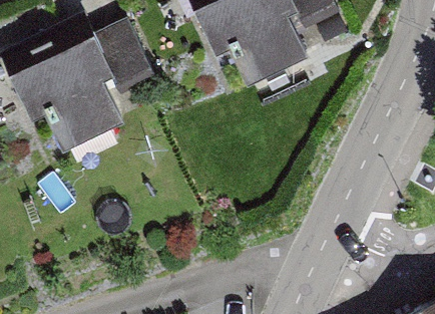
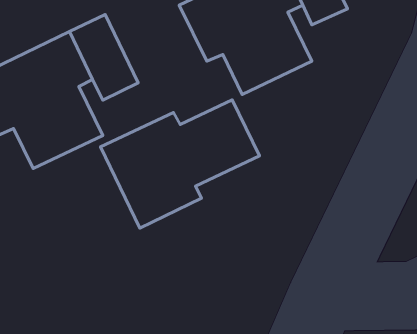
building: none -> [101,100,259,228]

